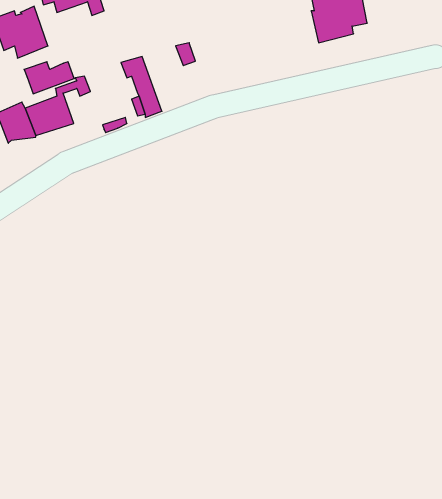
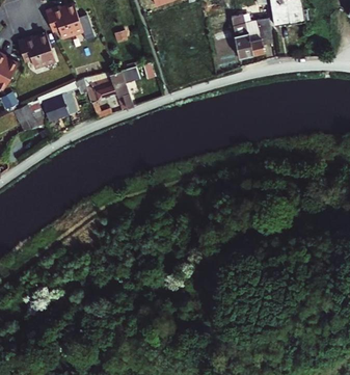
building: [24,62,74,94] -> [82,79,116,101]

